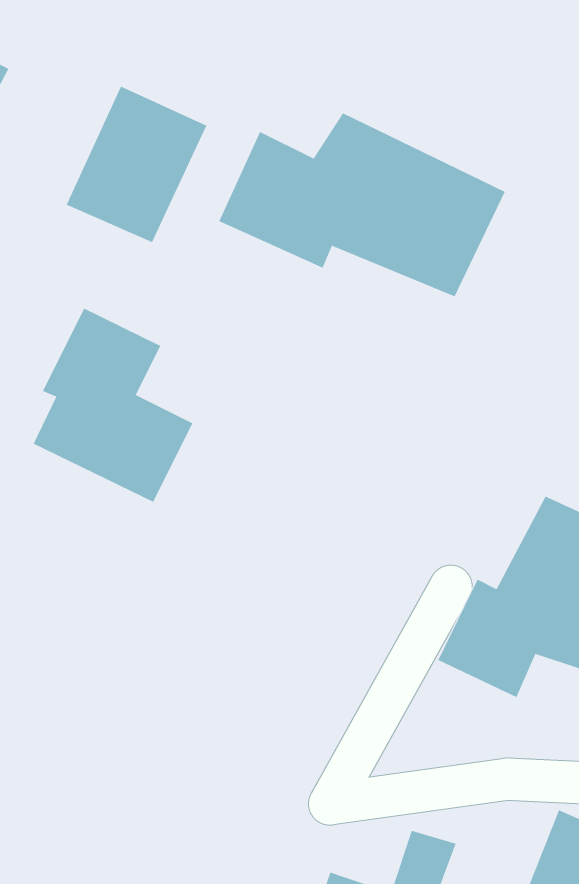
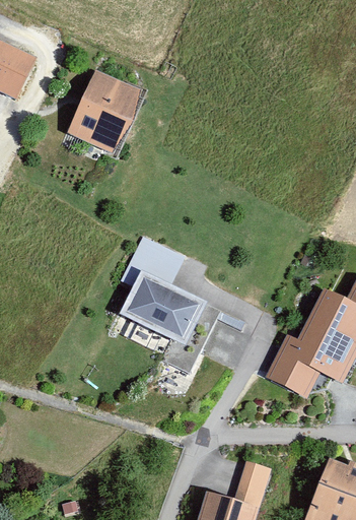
building: [218,112,506,297] -> none
building: [33,308,193,502] -> [119,243,205,347]

